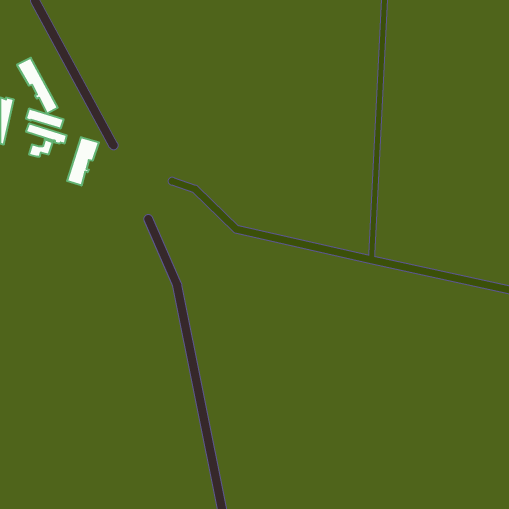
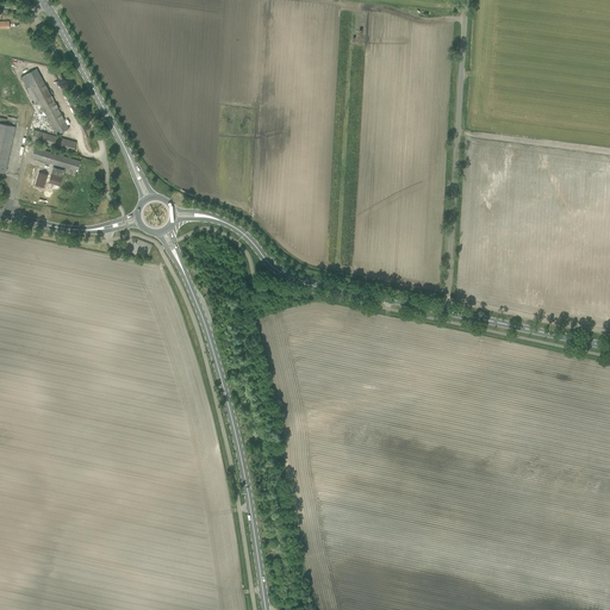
building: [67,137,99,186] -> none

